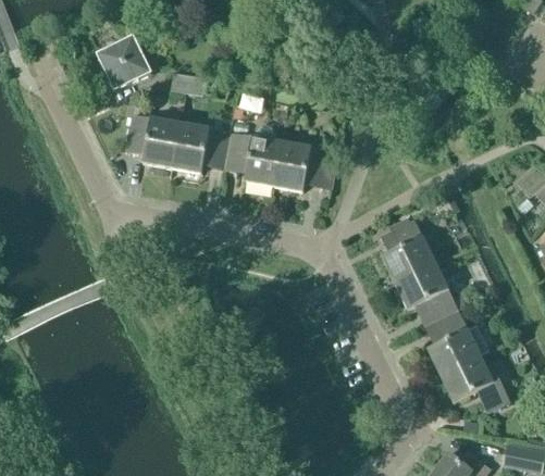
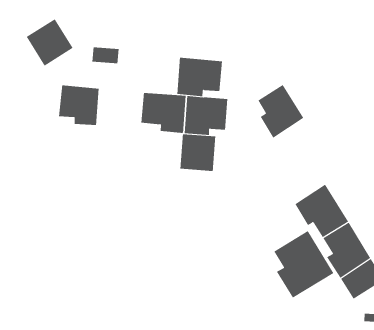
building: [171,123,230,173] -> [176,57,223,97]
building: none -> [180,133,216,172]
building: [382,220,435,283] -> [257,84,304,138]
building: none -> [273,230,334,299]

